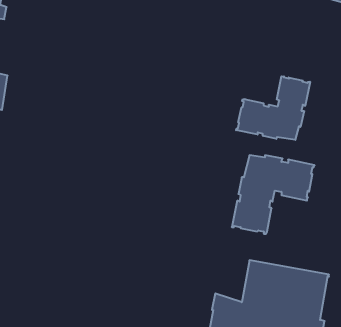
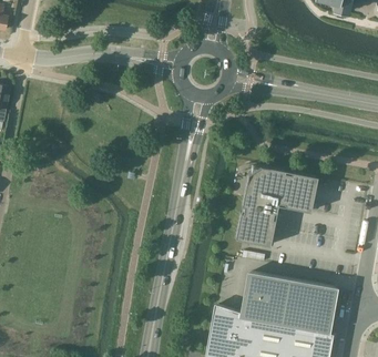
building: [236,76,310,140] -> none

